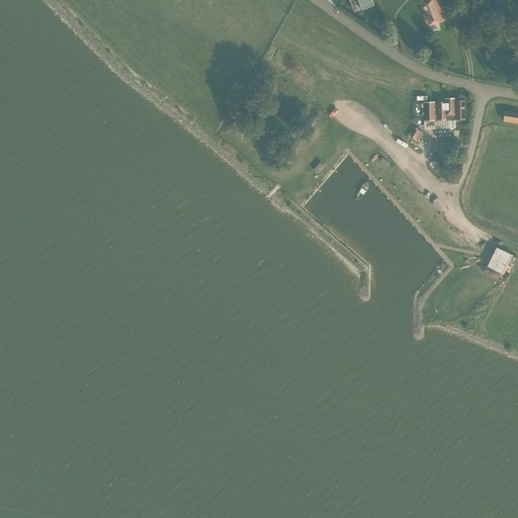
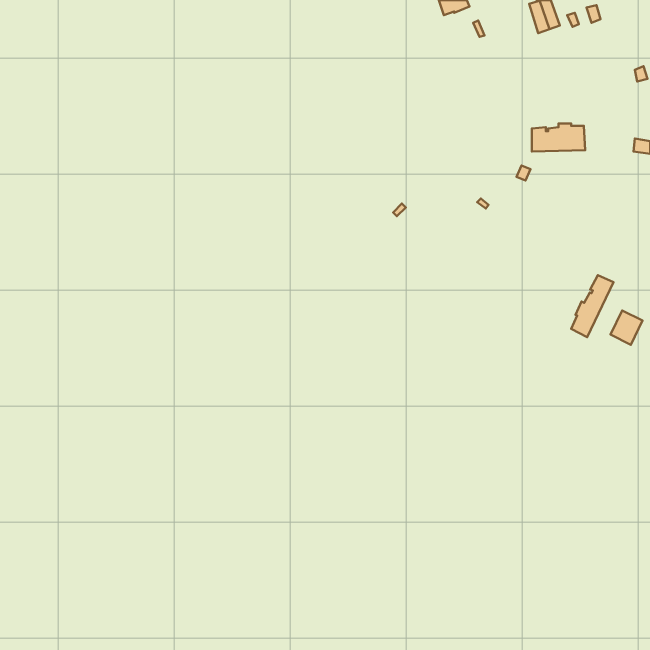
building: none -> [571,275,613,337]

